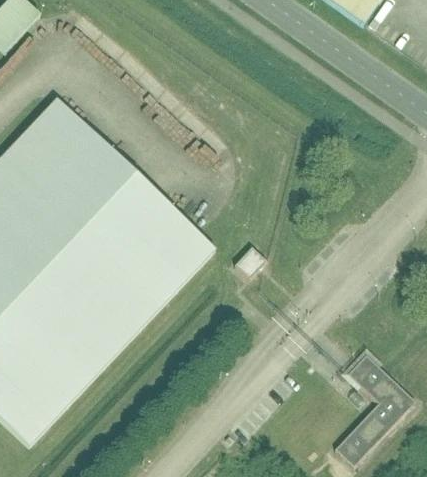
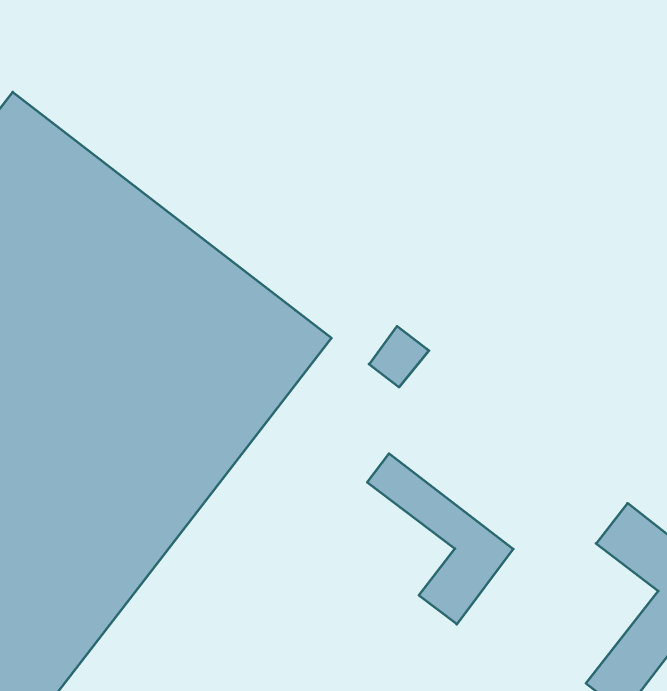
building: none -> [367,454,513,624]

